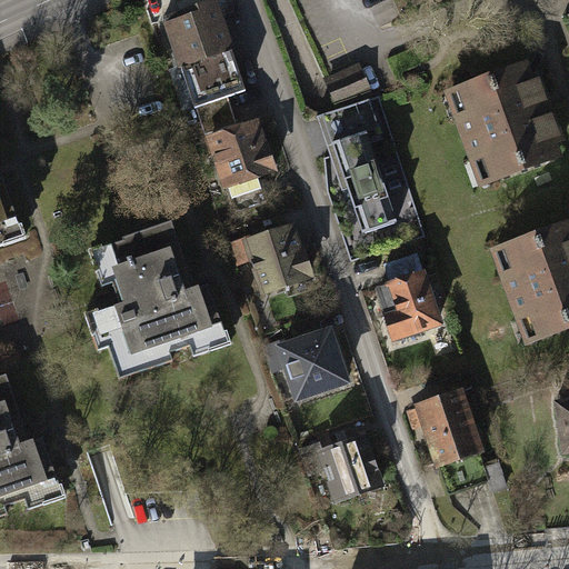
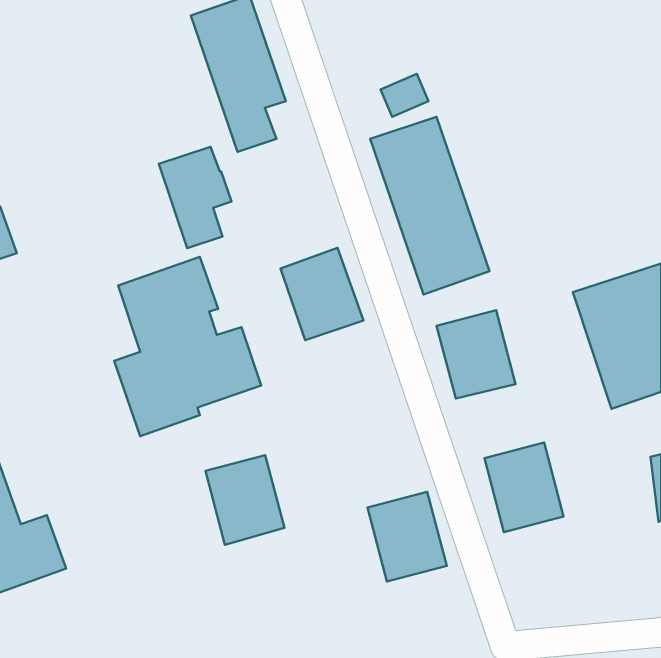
building: [442,66,551,190] -> none
building: [211,120,273,207] -> [159,147,231,248]
building: [284,319,352,396] -> [205,455,285,545]

